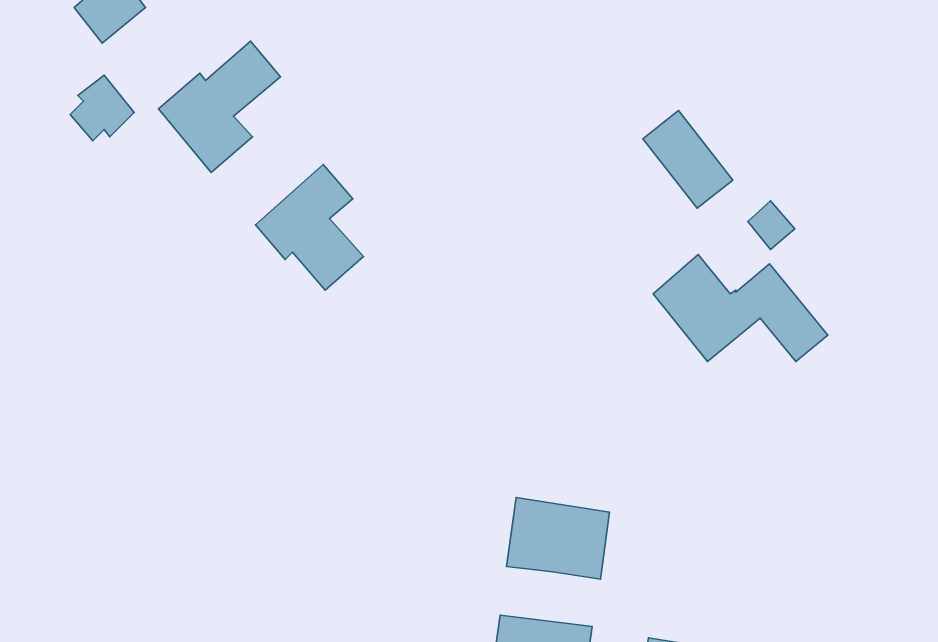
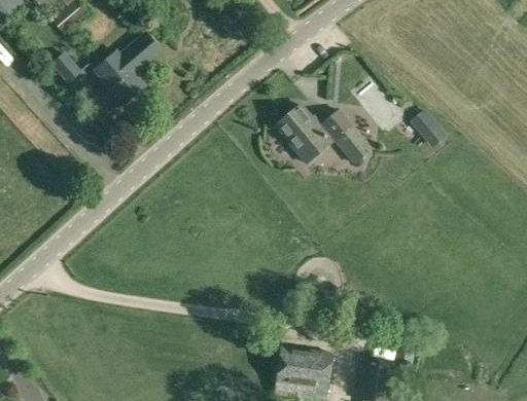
building: [255,164,363,290] -> none
building: [653,255,828,361] -> [275,104,371,162]
building: [507,498,610,579] -> none

